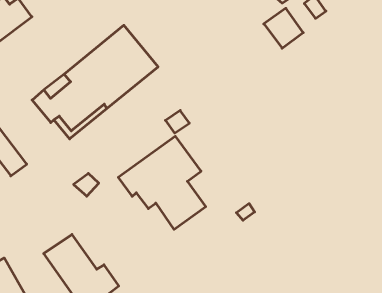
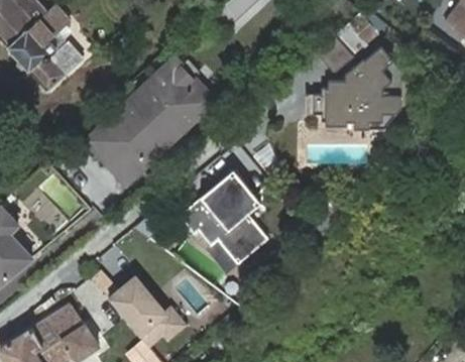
building: none -> [312,45,400,129]

